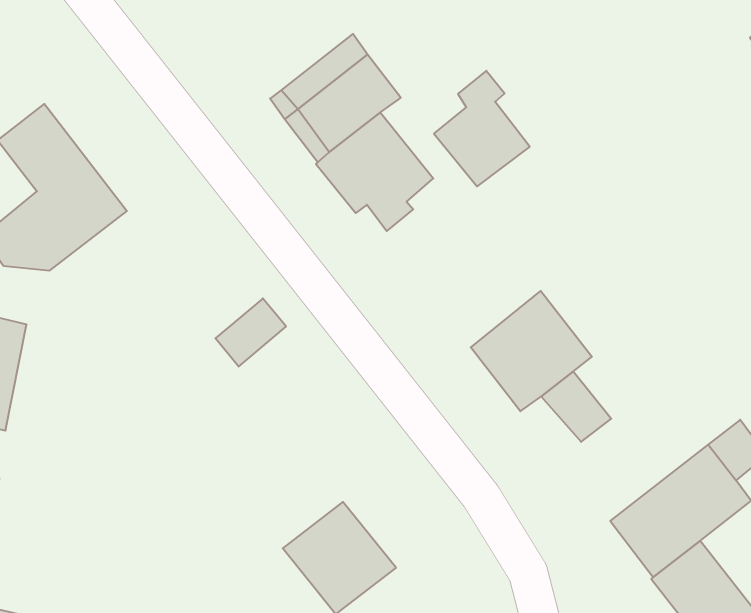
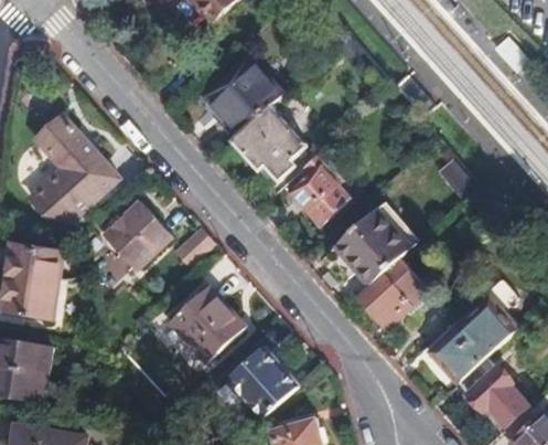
building: [434,71,530,186] -> [290,151,350,223]
building: none -> [101,201,170,271]
building: none -> [169,285,246,362]
building: none -> [357,275,407,328]

